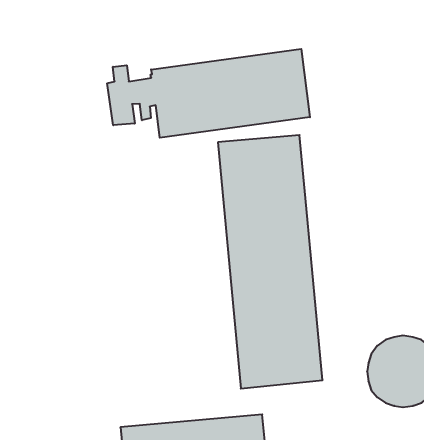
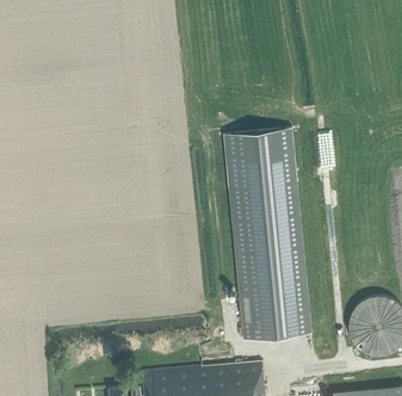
building: [107,49,310,138] -> none

